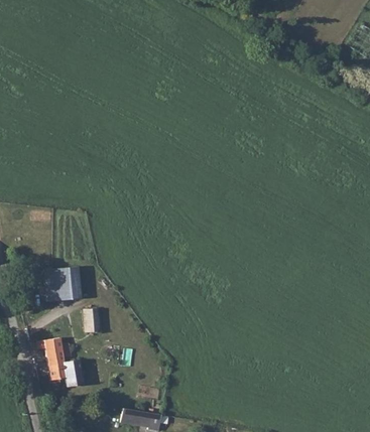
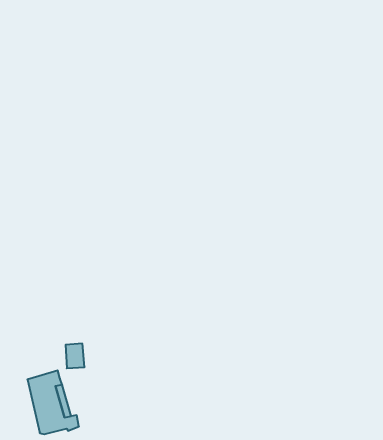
building: [40,270,78,302] -> none

